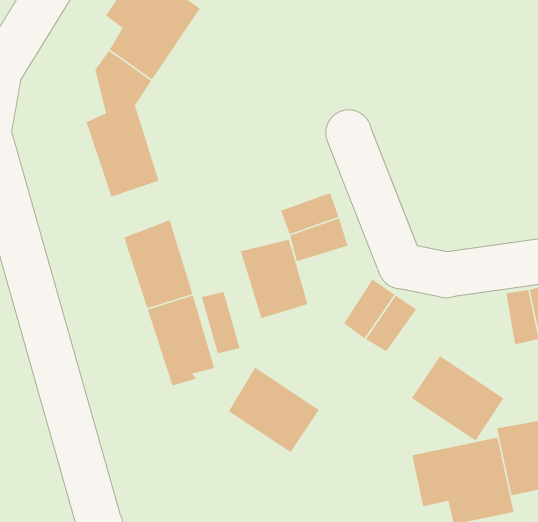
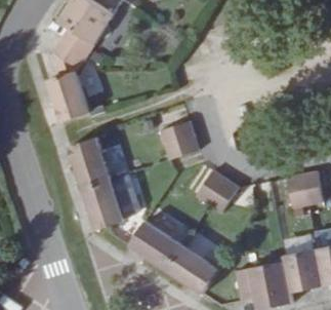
building: [240,239,309,319] -> none
building: [411,355,505,442] -> [166,242,219,292]

